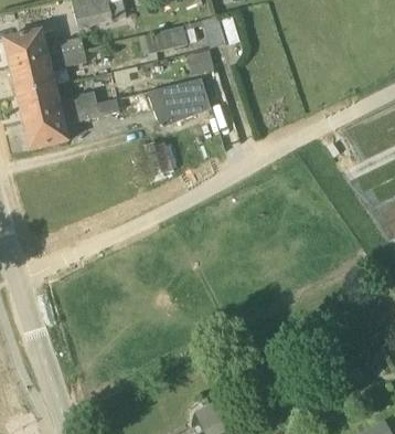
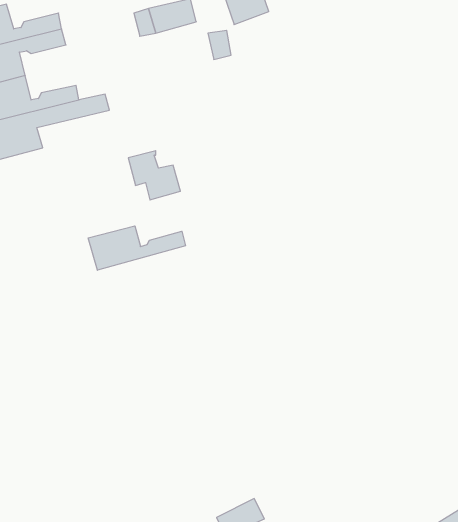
building: [146,78,210,128] -> none
building: none -> [88,226,186,270]

